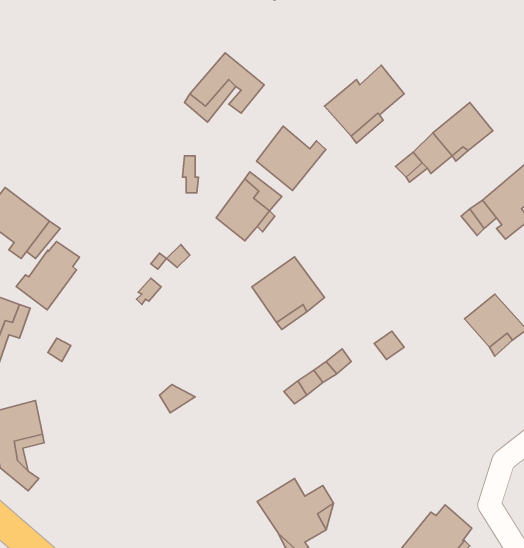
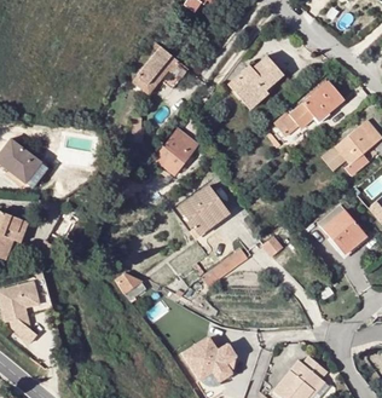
building: [256,126,326,191] -> none
building: [16,242,79,310] -> none

